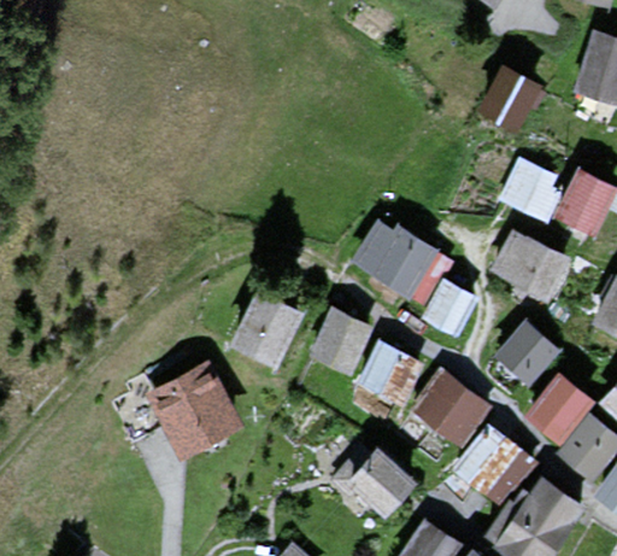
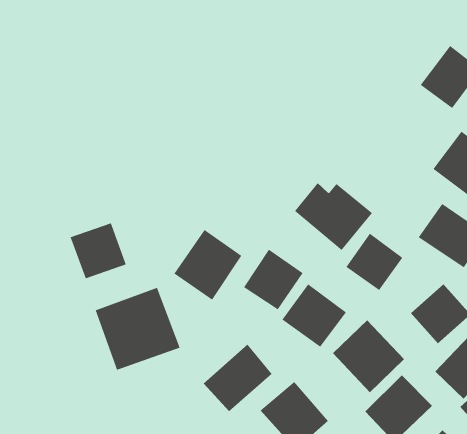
building: none -> [70,222,126,279]
building: none -> [203,344,273,412]

